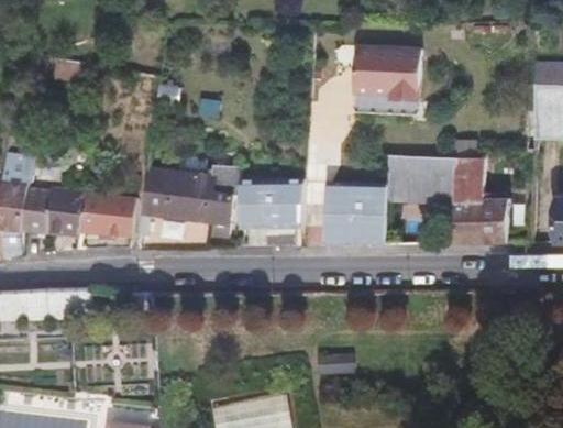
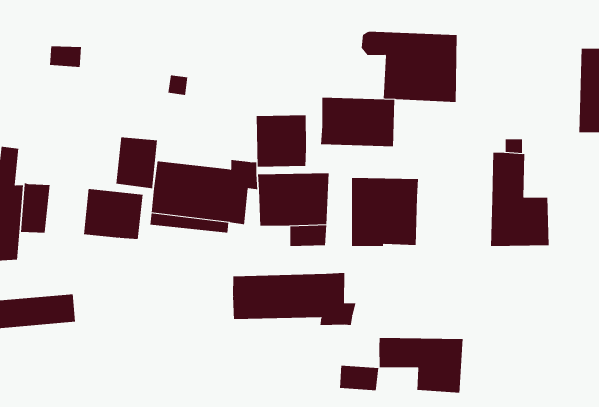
building: none -> [256,115,307,167]
building: [386,156,454,201] -> [320,97,395,147]
building: [47,188,86,235] -> [116,137,158,189]
building: none -> [233,272,356,326]
building: none -> [379,337,463,394]

